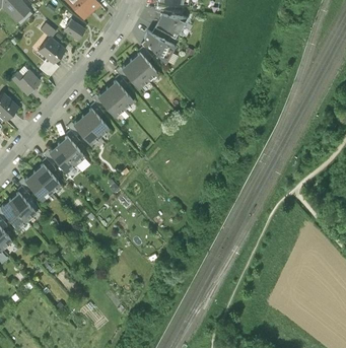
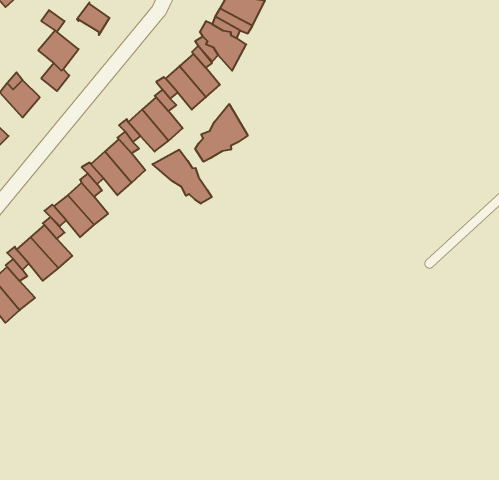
building: none -> [195,104,248,162]
building: none -> [152,150,212,204]

